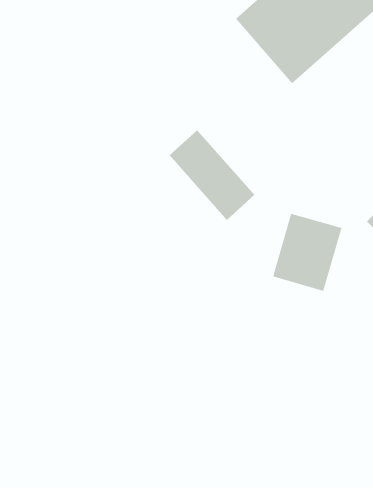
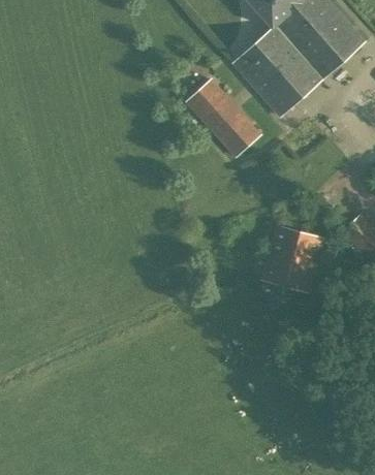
building: [169,129,255,221] -> [187,78,259,155]

